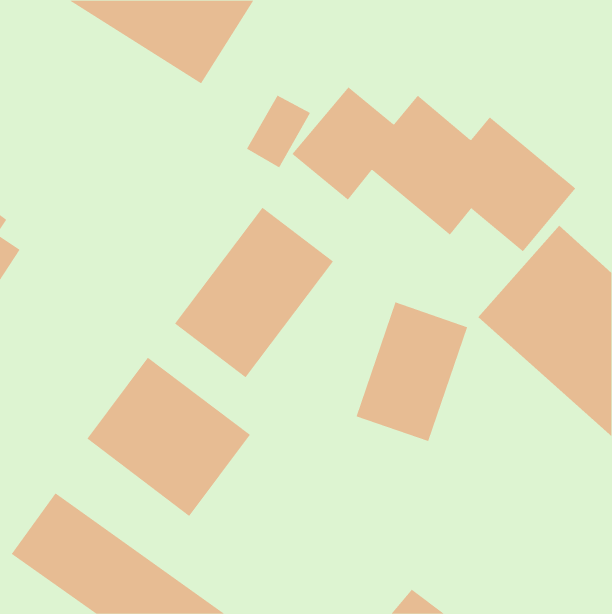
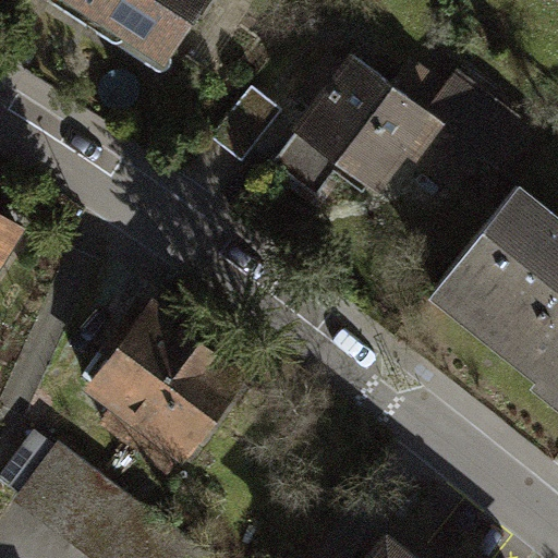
building: [174,207,334,378] -> none
building: [356,302,468,442] -> none

